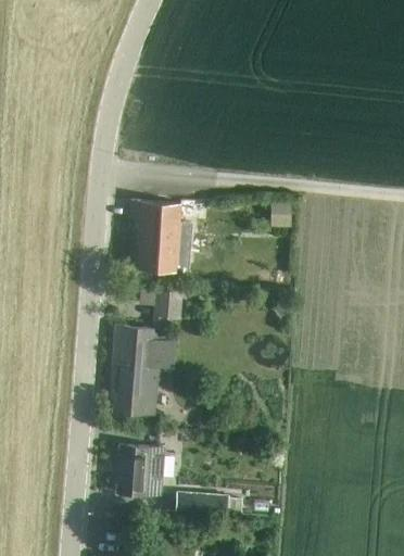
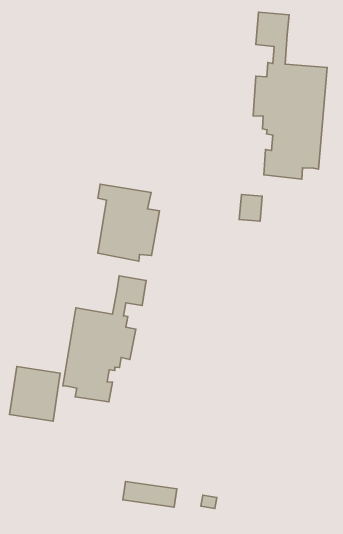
building: none -> [253,12,327,179]
building: [117,445,164,496] -> [10,366,60,421]

